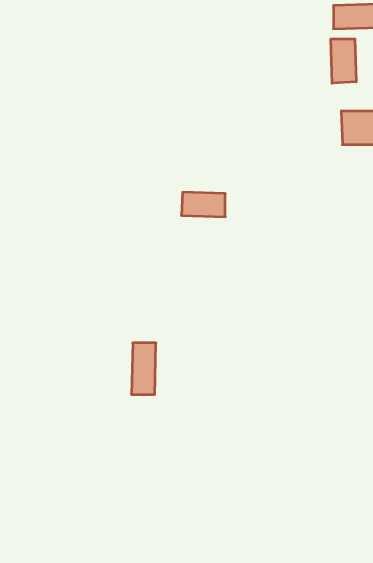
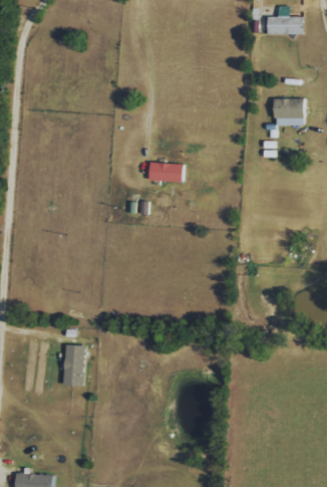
building: [331,39,356,83] -> none
building: [131,343,156,394] -> [64,344,83,385]

